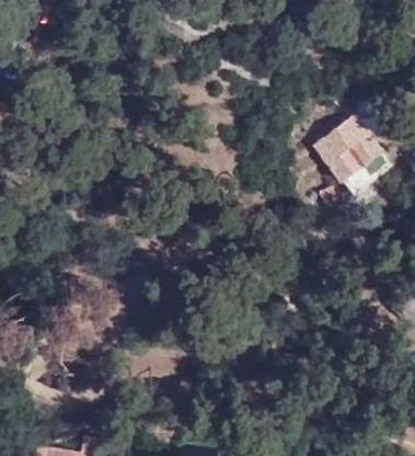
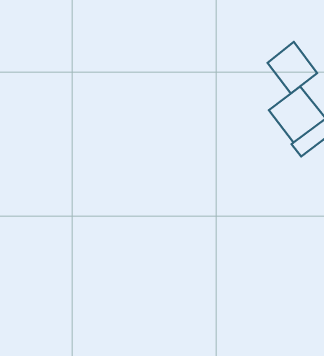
building: none -> [268,42,317,93]

